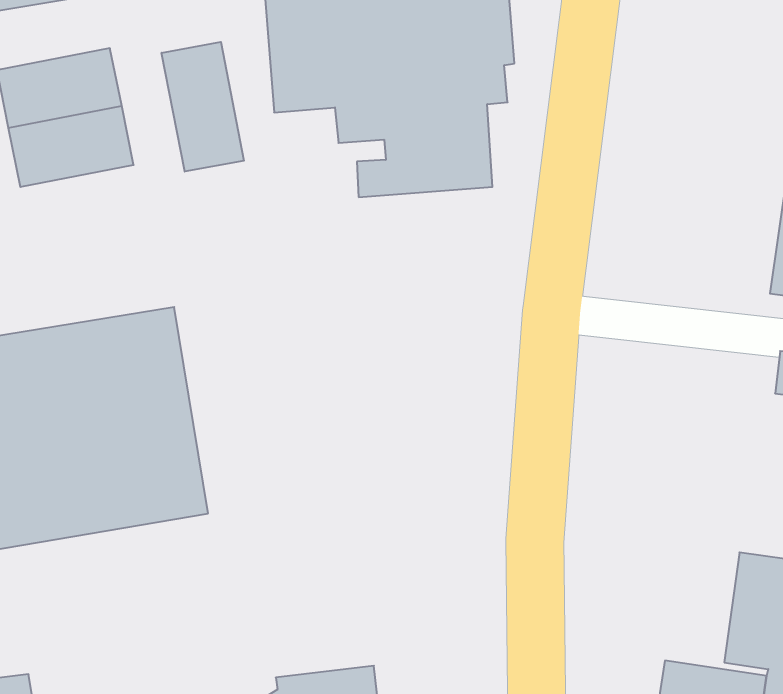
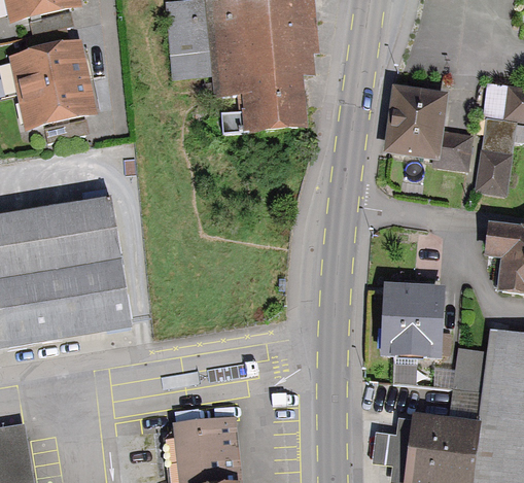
building: [162,42,244,172] -> none
building: none -> [386,88,474,171]
building: none -> [375,285,433,353]

